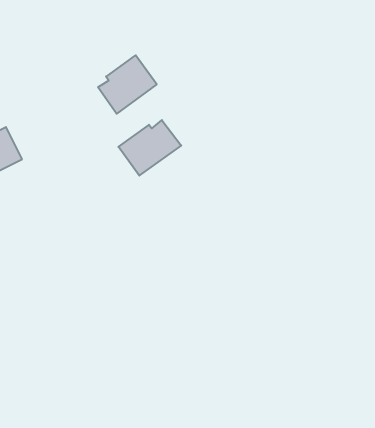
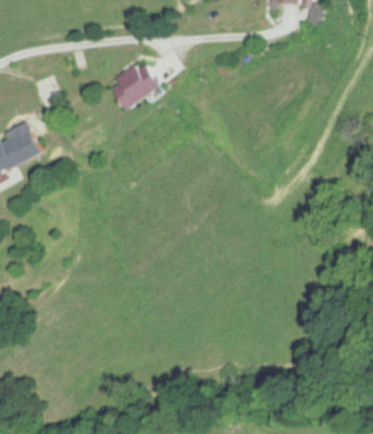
building: [118,120,181,176] -> none

